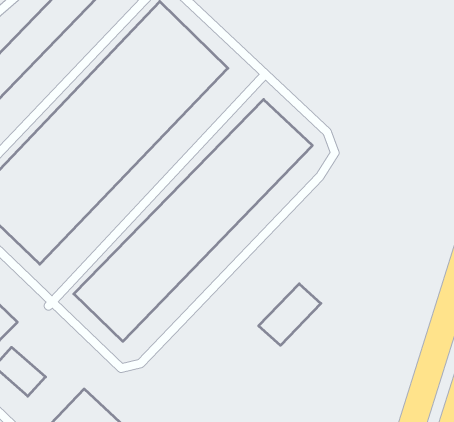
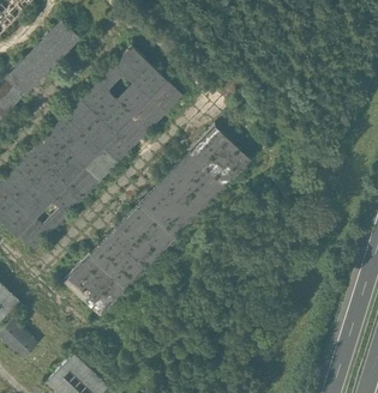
building: [259,284,321,345] -> none

